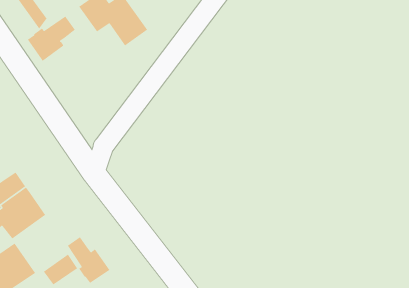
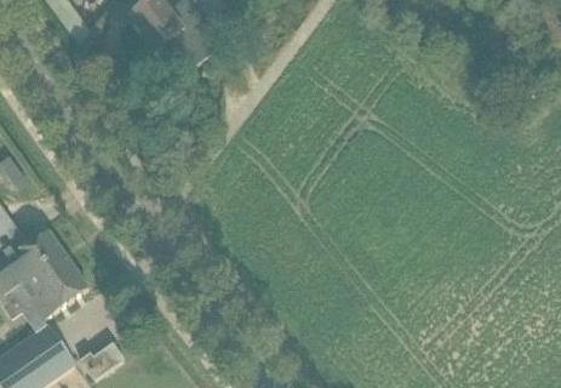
building: [27,15,76,62] -> none
building: [67,236,110,284] -> none

